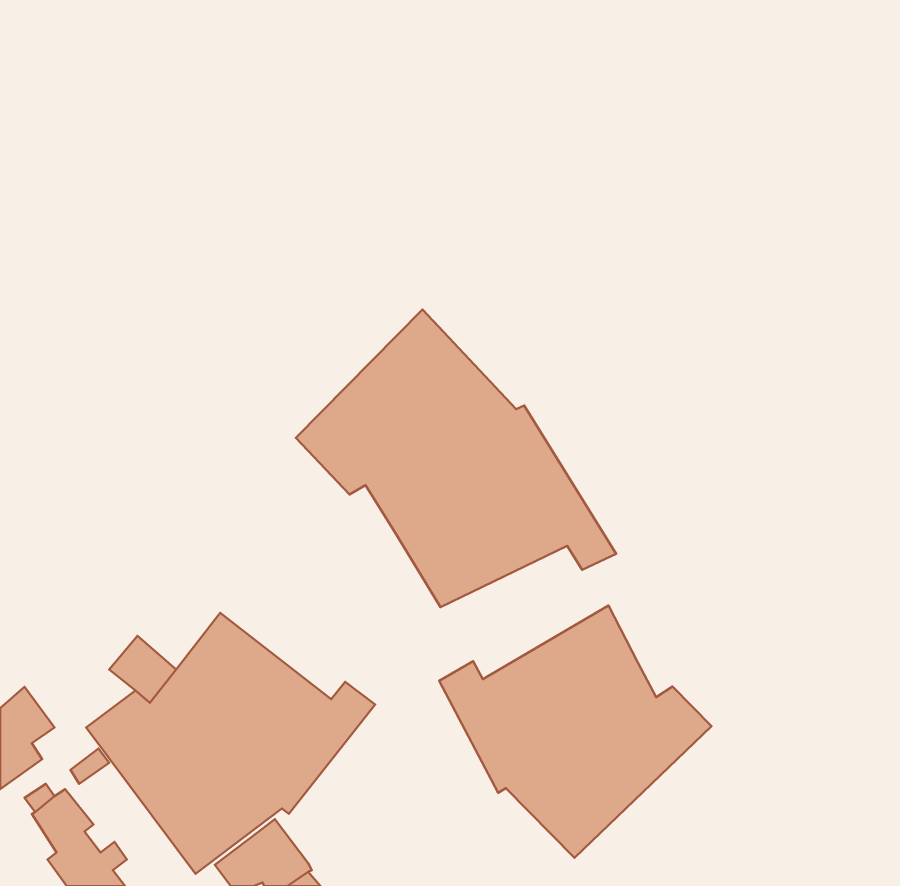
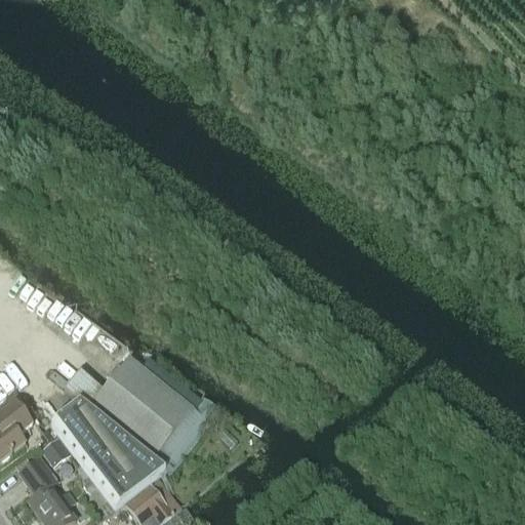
building: [296,309,616,607] -> none
building: [439,605,712,858] -> none

